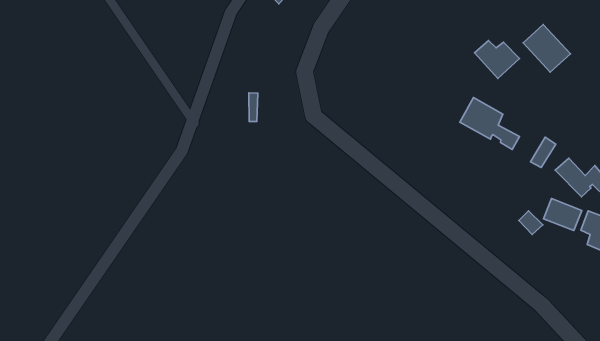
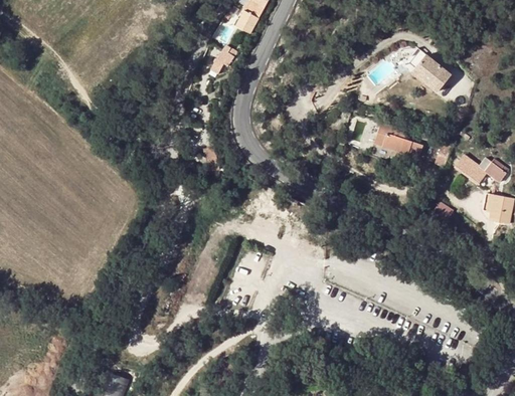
building: [475,40,519,78] -> none
building: [544,199,582,231] -> none

